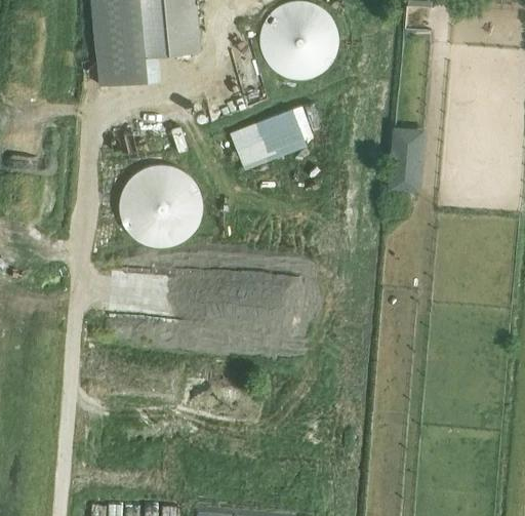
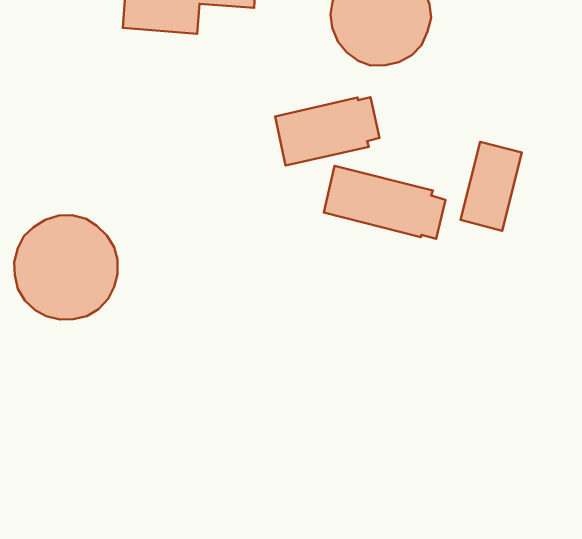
building: none -> [324,166,446,239]
building: [119,164,201,247] -> [14,215,118,320]

